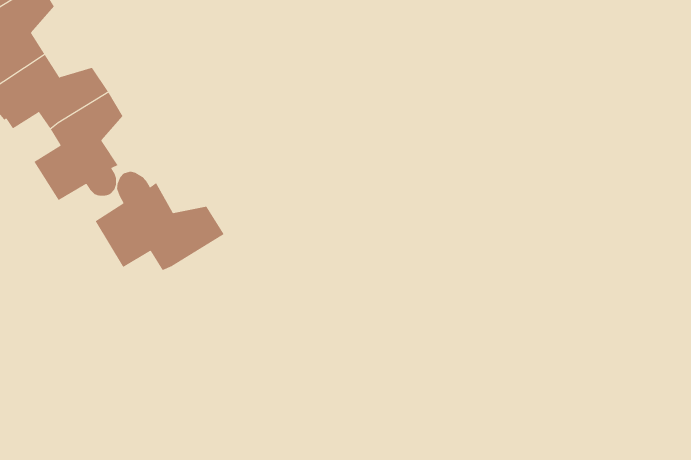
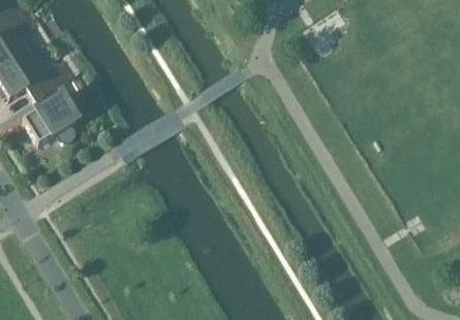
building: [95,171,224,271] -> none

